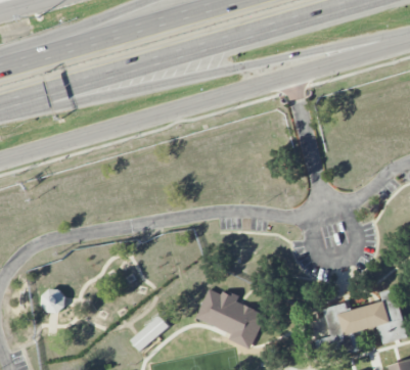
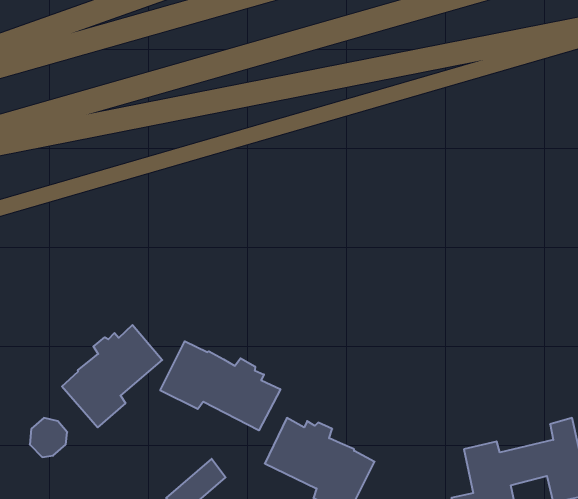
building: none -> [62,325,162,427]
building: none -> [160,341,280,430]

